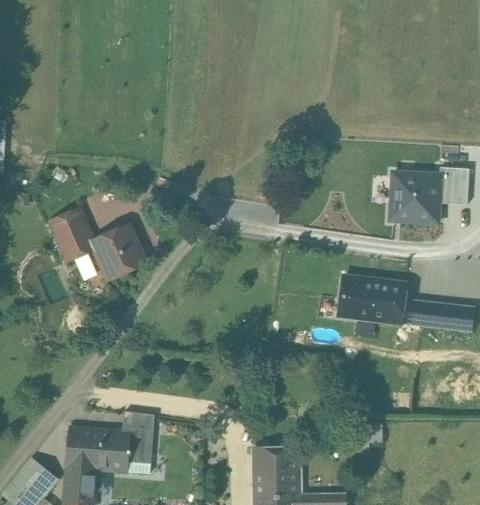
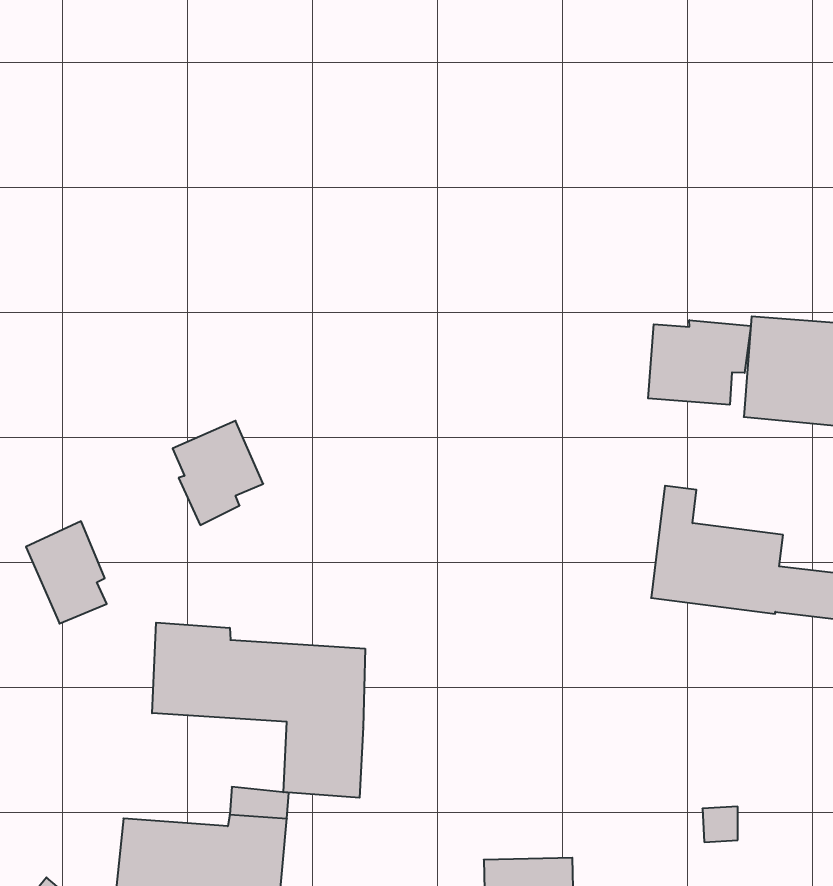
building: none -> [648,320,751,405]
building: [51,208,92,260] -> [26,521,107,624]
building: none -> [152,623,365,798]

